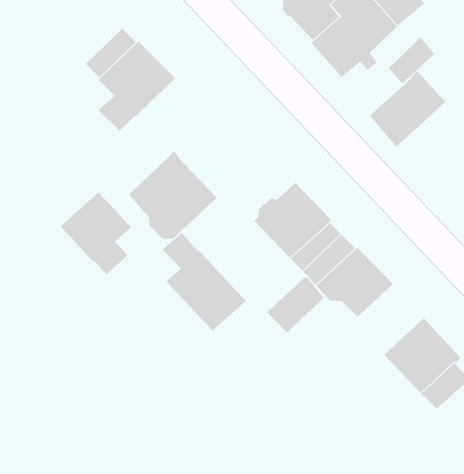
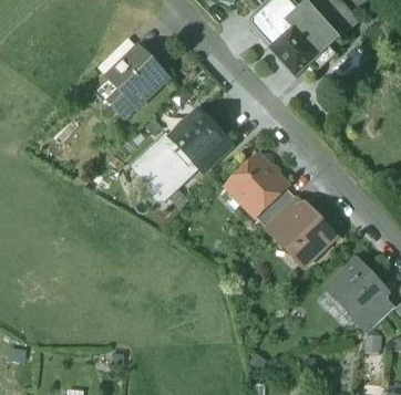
building: [369,71,446,148] -> none
building: none -> [169,111,226,173]
building: [60,191,132,275] -> none
building: [162,232,247,331] -> none
building: [267,276,325,333] -> none

